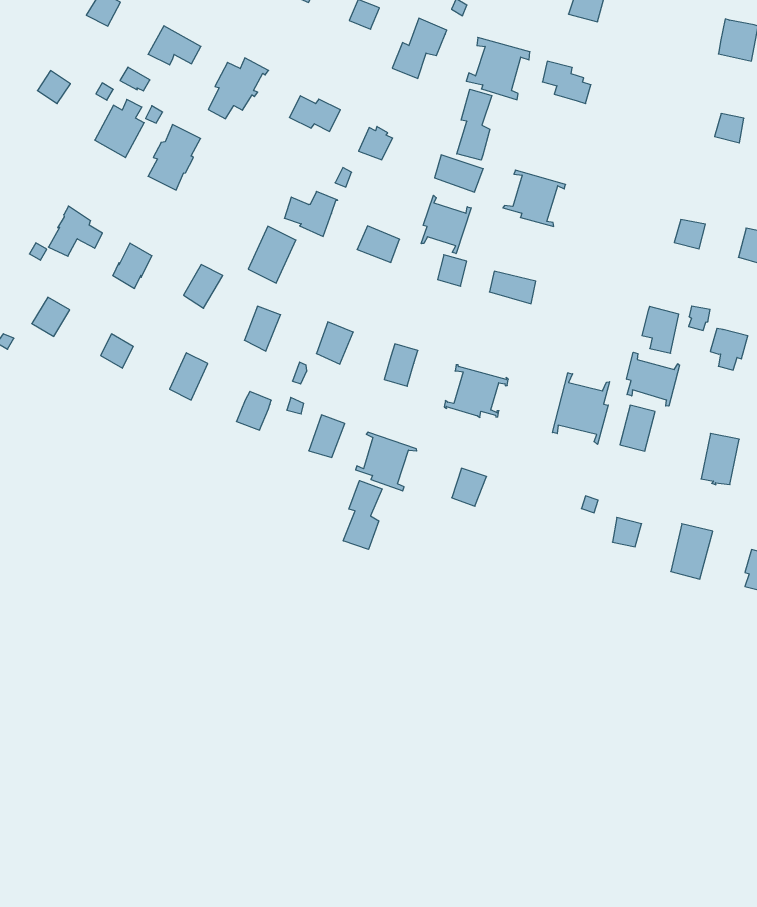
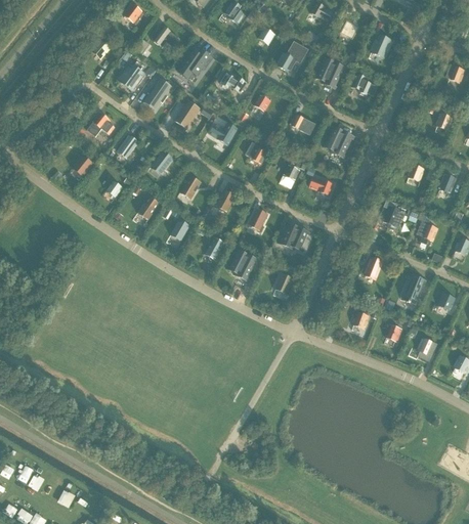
building: [457,89,492,160] -> none
building: [421,195,471,254] -> none
building: [248,226,296,283] -> [173,100,200,130]
building: [627,352,680,406] -> none
building: [553,373,610,444] -> none
building: [343,481,382,549] -> none

